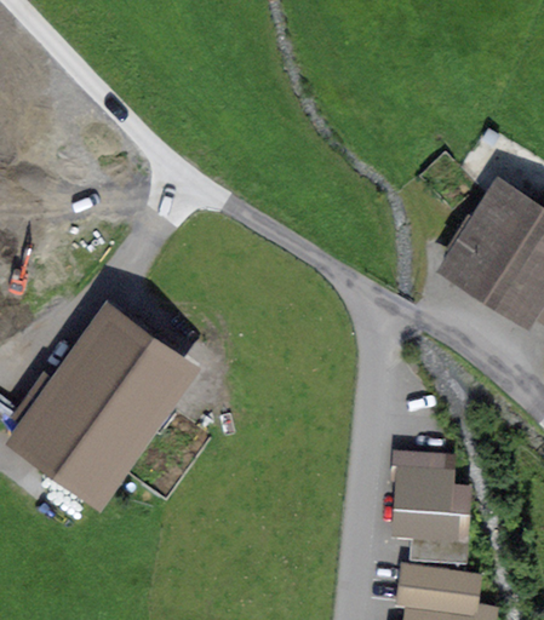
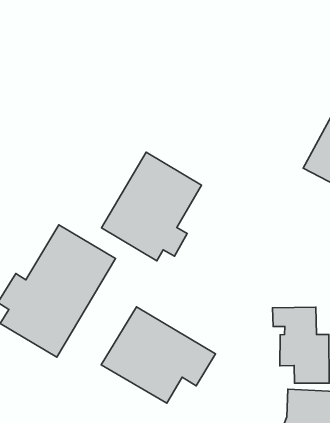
building: none -> [102,152,202,261]
building: none -> [101,307,216,403]

